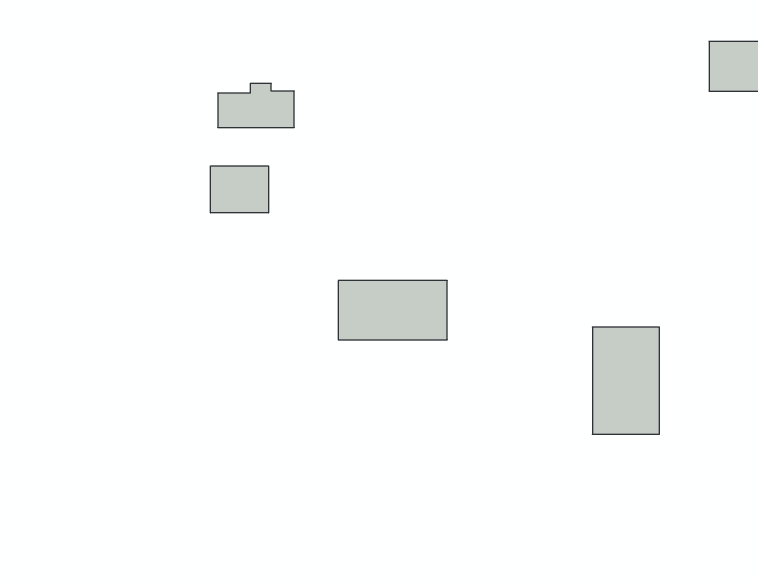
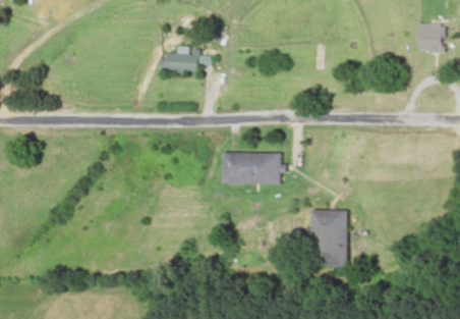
building: [211,166,268,213] -> none
building: [592,327,659,434] -> [312,210,348,267]

